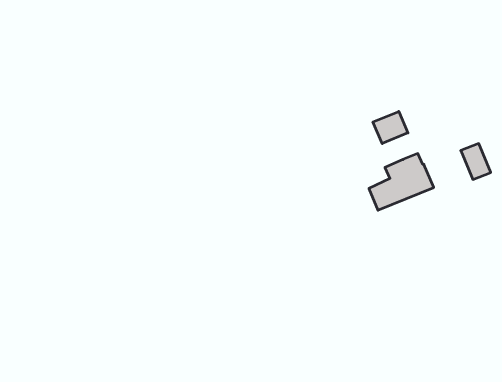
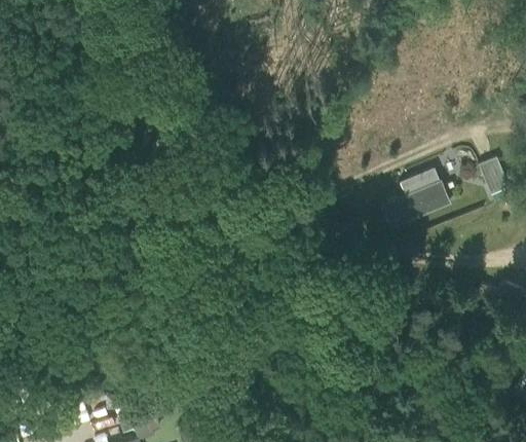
building: [373,111,408,144] -> none

